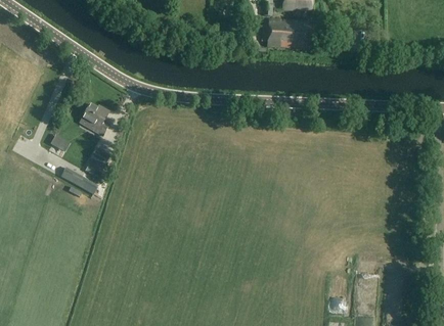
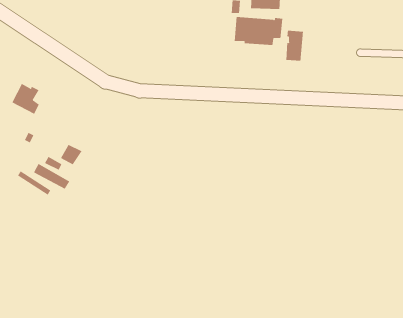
building: none -> [286,30,303,61]
building: [81,103,109,135] -> [11,83,40,114]

